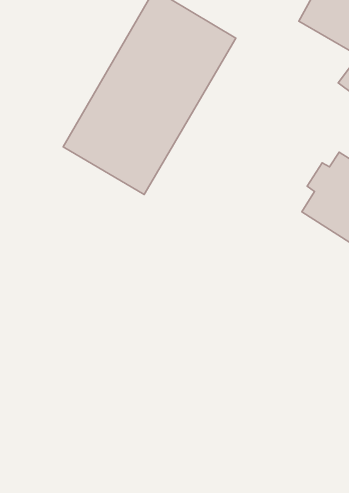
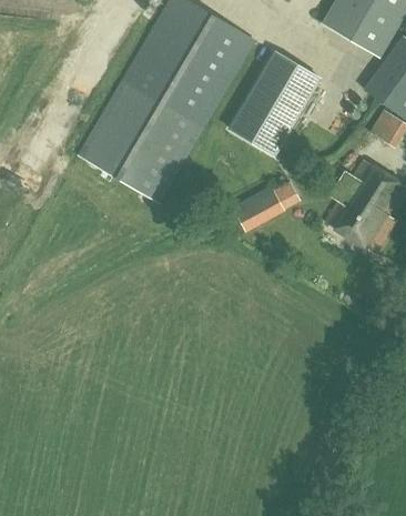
building: none -> [227,51,321,158]
building: none -> [231,184,285,232]

